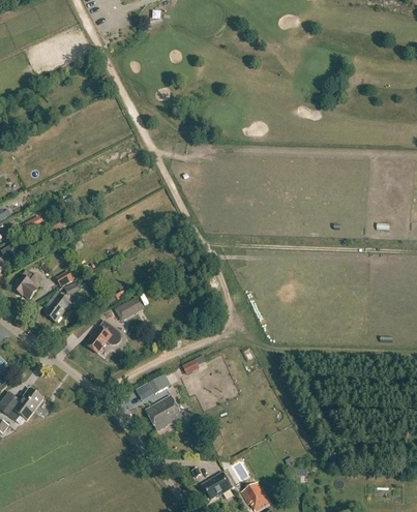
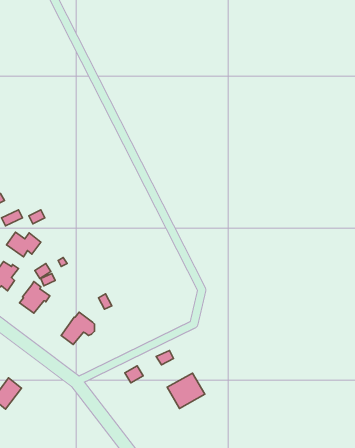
building: none -> [7,232,41,257]
building: [145,395,183,431] -> [167,373,205,408]

